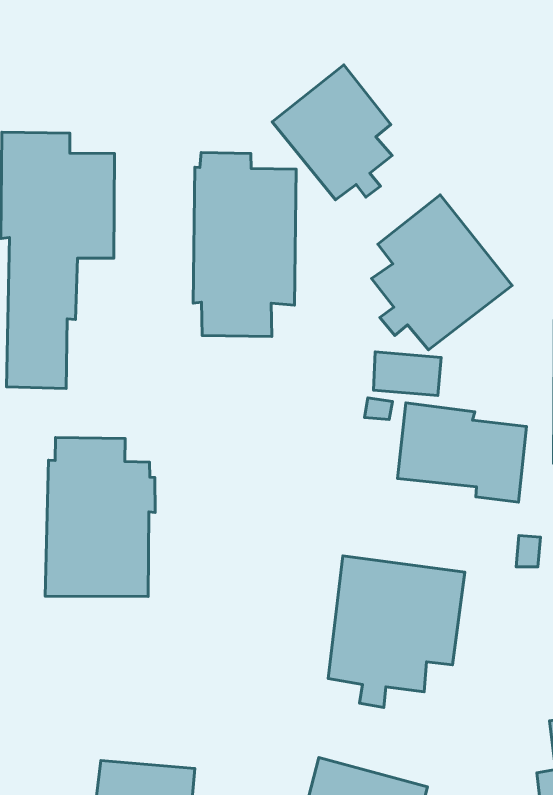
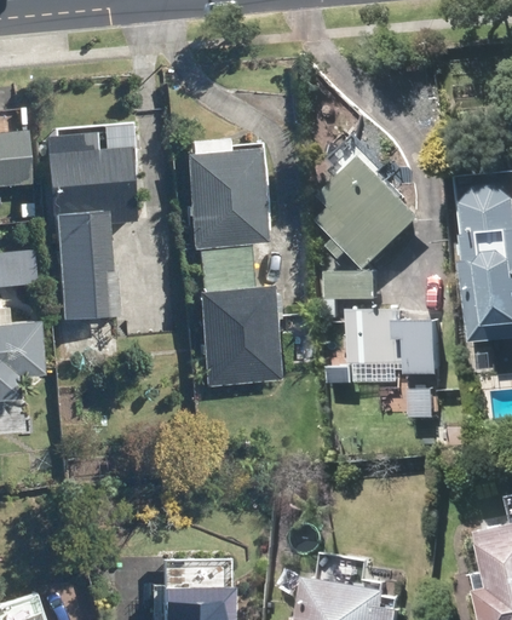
building: [272,65,392,200] -> none
building: [45,437,155,597] -> [201,268,282,388]
building: [328,556,465,707] -> none

